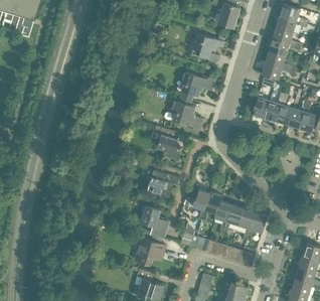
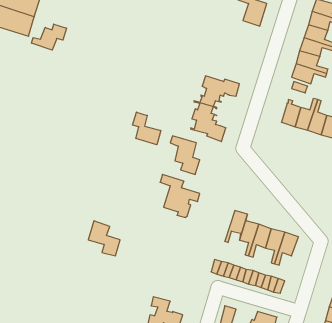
building: none -> [32,24,67,50]
building: [193,33,225,59] -> none
building: none -> [132,112,161,145]
building: [188,188,211,219] -> none
building: [141,205,169,237] -> [88,221,120,256]
building: [135,239,166,265] -> none

